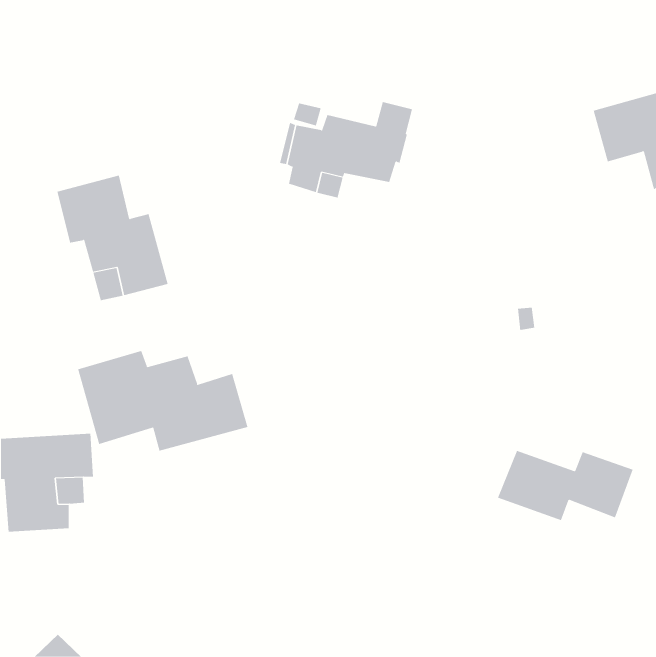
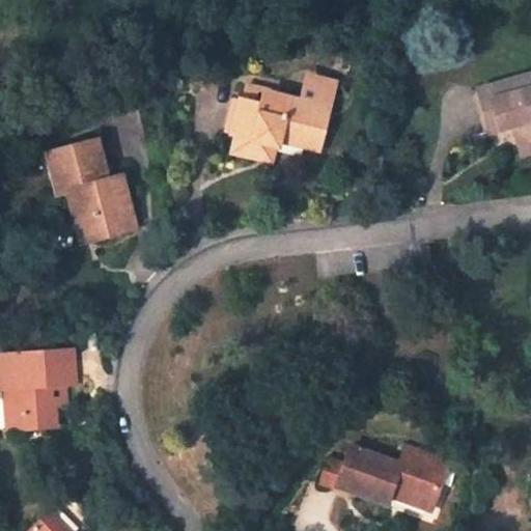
building: [77,350,248,452] -> none
building: [497,450,634,521] -> [337,445,447,502]

